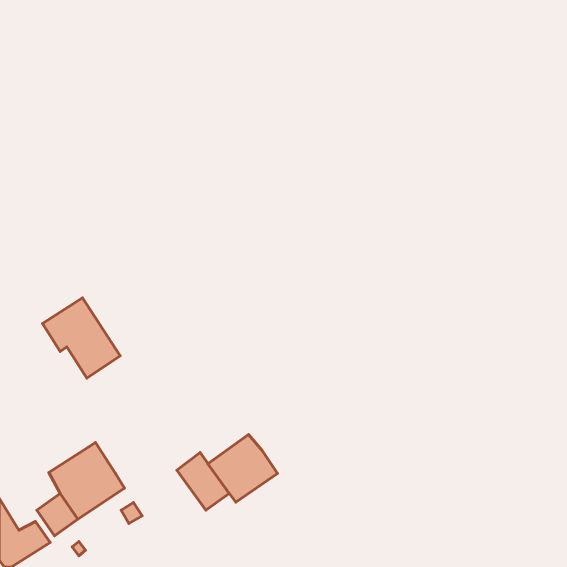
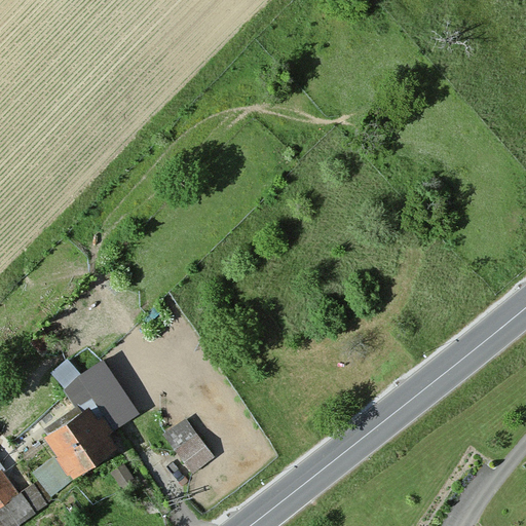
building: [42,298,120,378] -> [66,364,138,438]
building: [208,435,277,502] -> none

